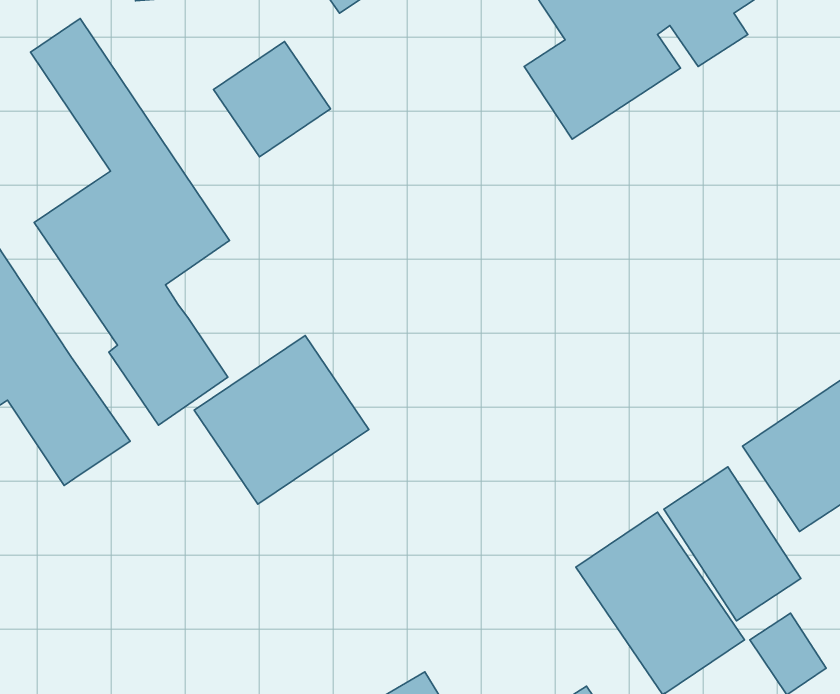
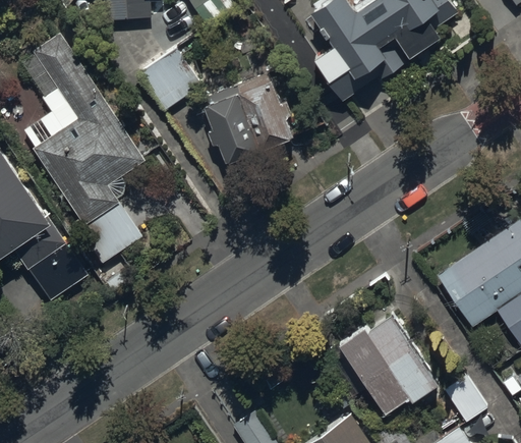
building: none -> [200,71,297,169]
building: [194,335,369,504] -> none
building: [664,467,801,621] -> none

